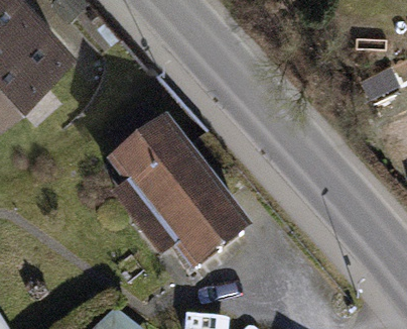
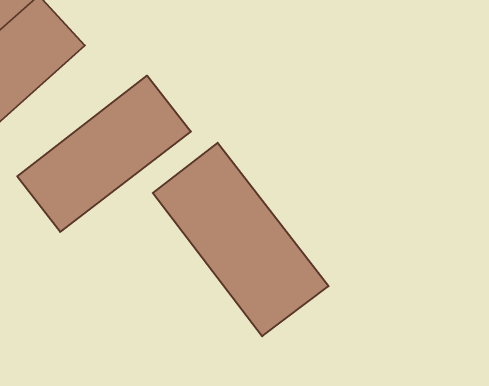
building: none -> [17,76,191,232]

